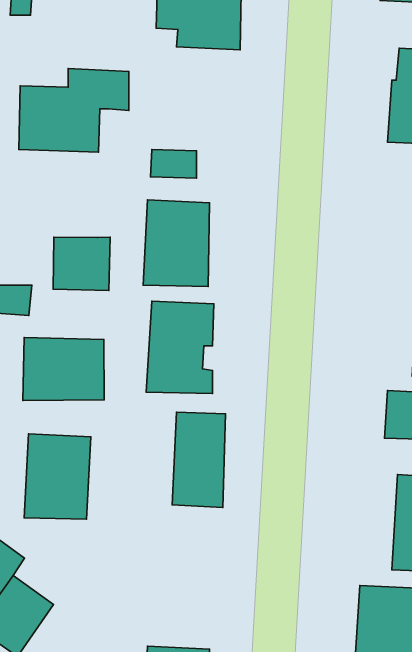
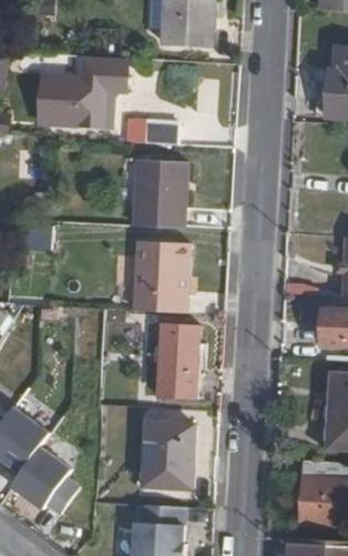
building: [53,237,110,290] -> none
building: [23,337,104,400] -> none
building: [24,434,91,519] -> [145,422,196,487]

